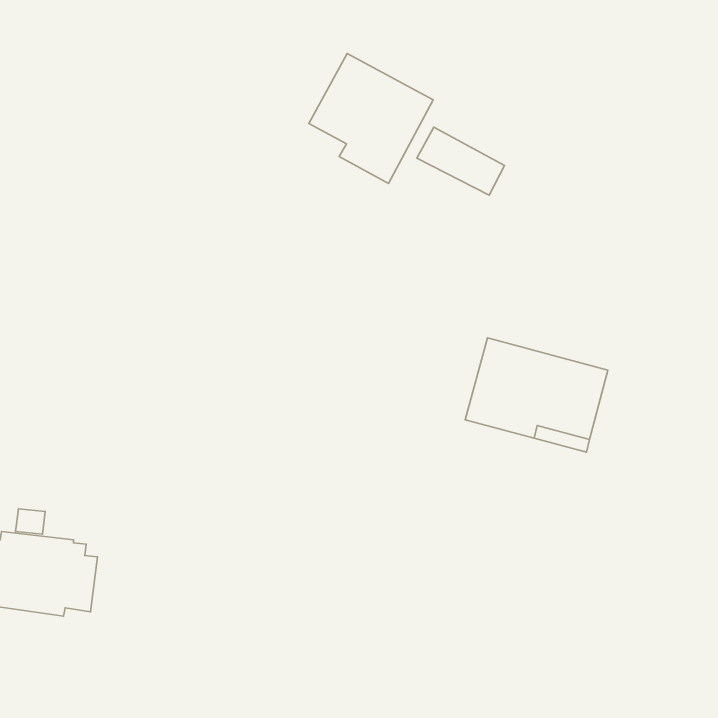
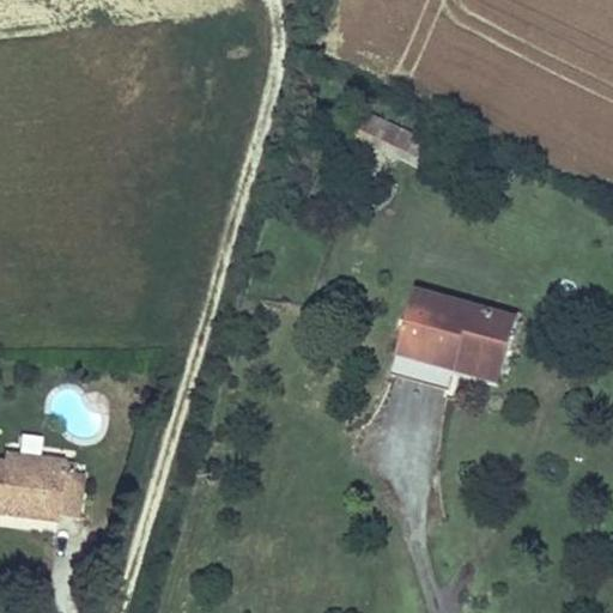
building: [309,53,433,184] -> none

